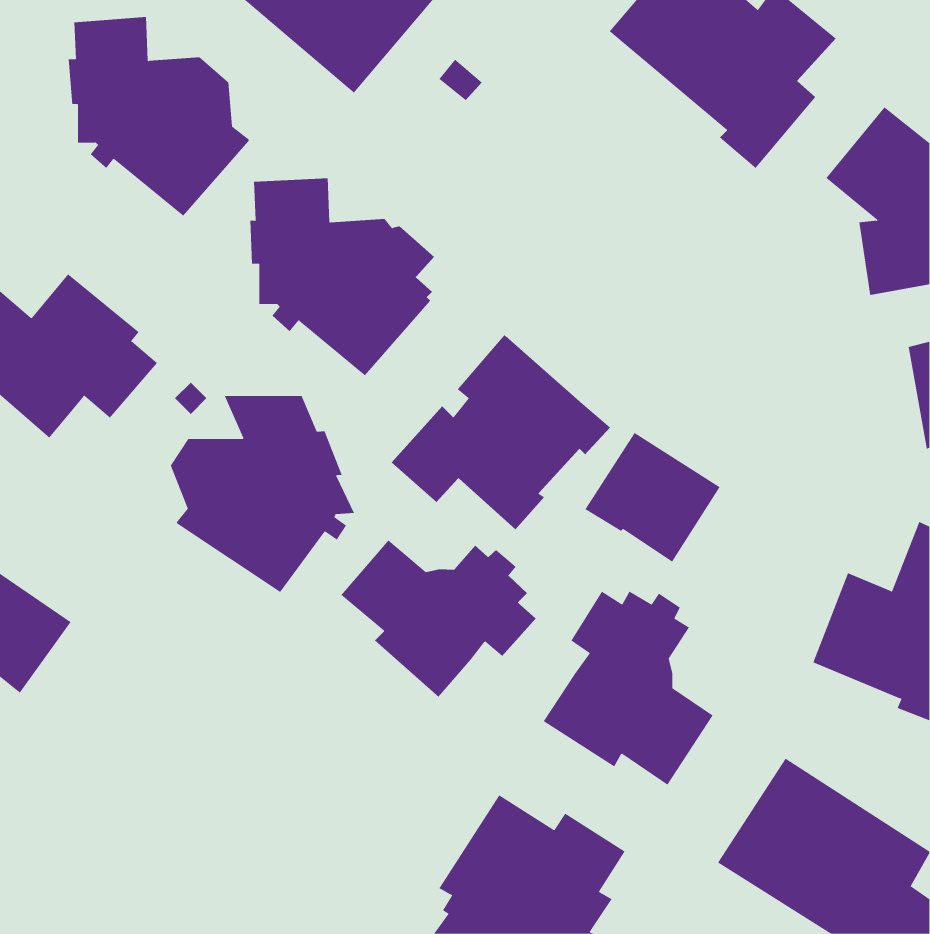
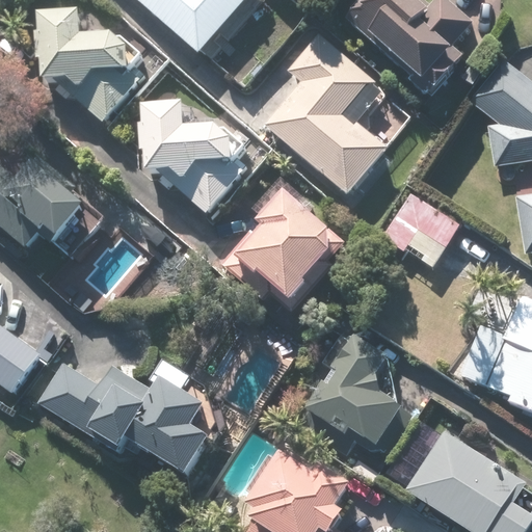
building: none -> [264,33,389,195]
building: [170,395,355,593] -> none
building: [585,432,720,563] -> [382,194,459,268]
building: [341,540,537,697] -> none
building: none -> [37,362,213,473]

